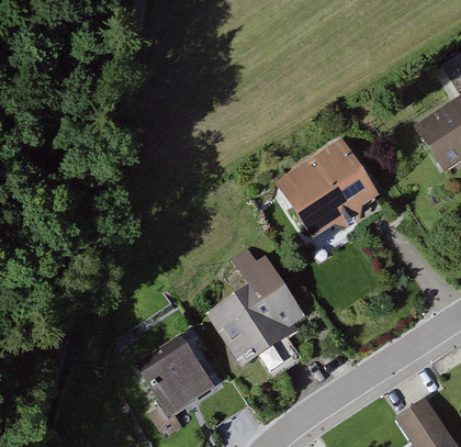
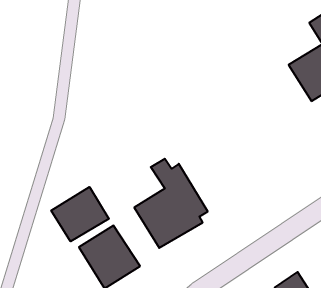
building: [276,139,381,239] -> none
building: none -> [51,187,109,241]

